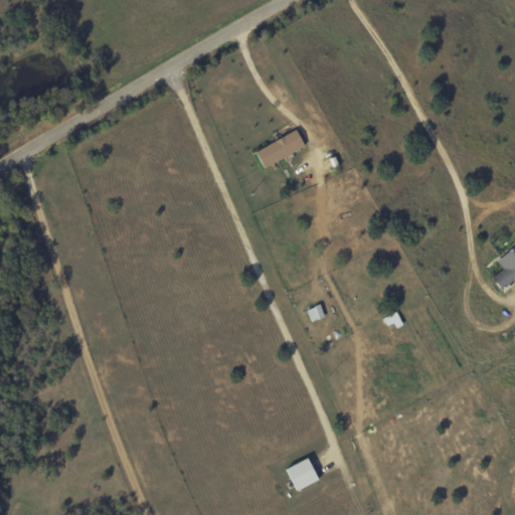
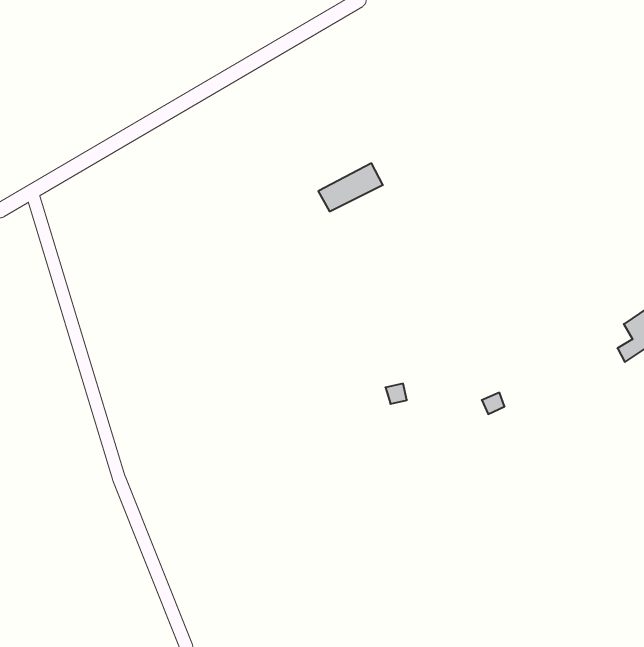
building: [288,459,319,491] -> none

